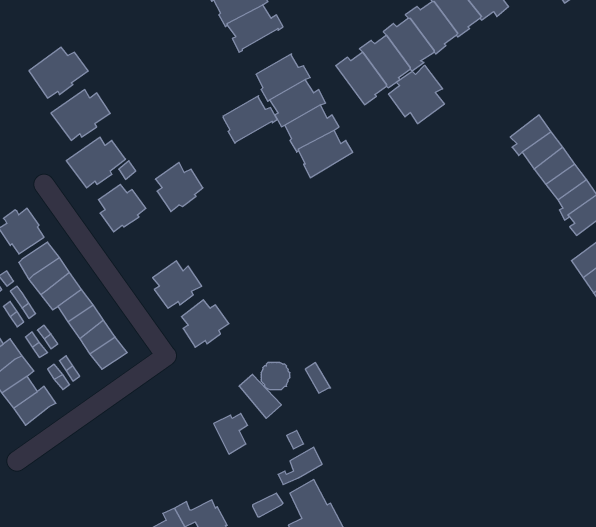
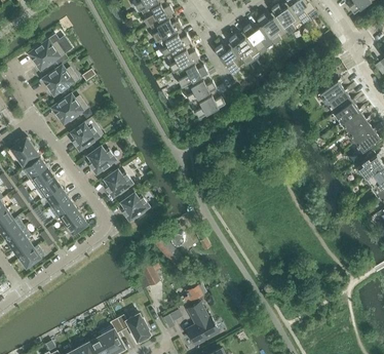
building: [389,65,444,124] -> none
building: [223,96,277,143] -> [158,29,191,57]
building: [155,162,203,212] -> [87,146,116,175]

